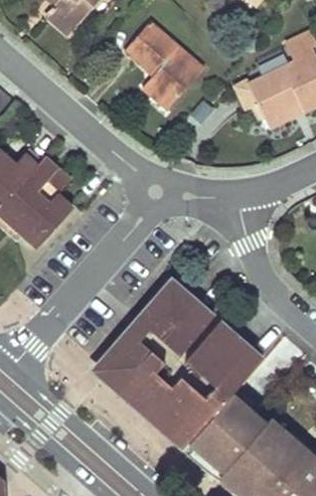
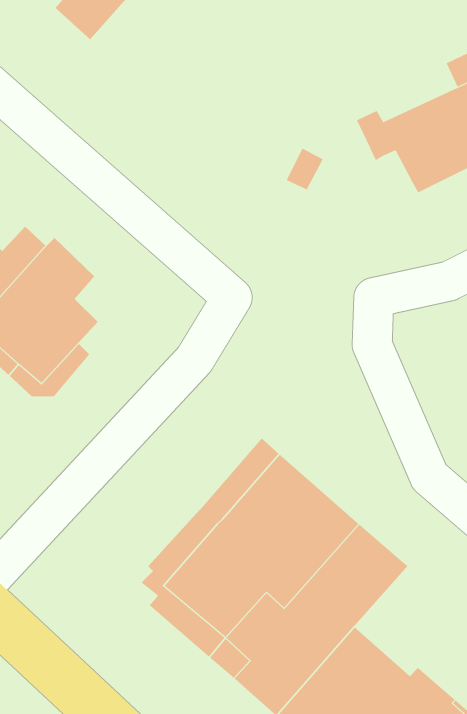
building: [125,22,201,110] -> none

